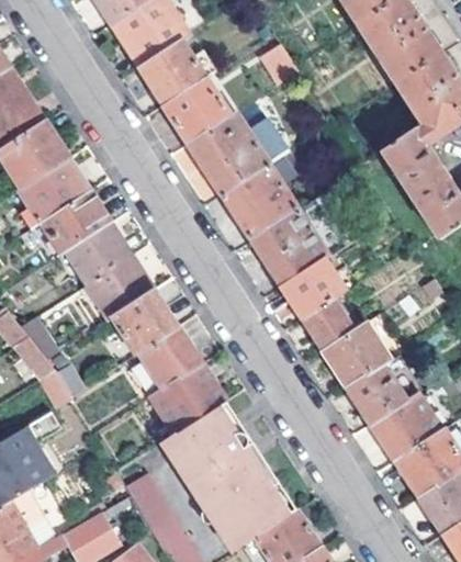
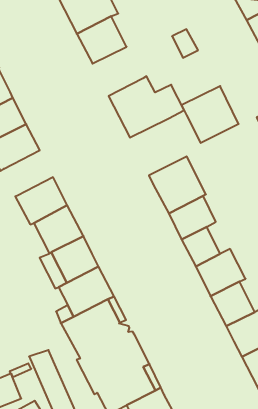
building: [165,78,232,144] -> none
building: [223,165,299,240] -> [182,86,239,143]
building: [65,223,130,284] -> none

